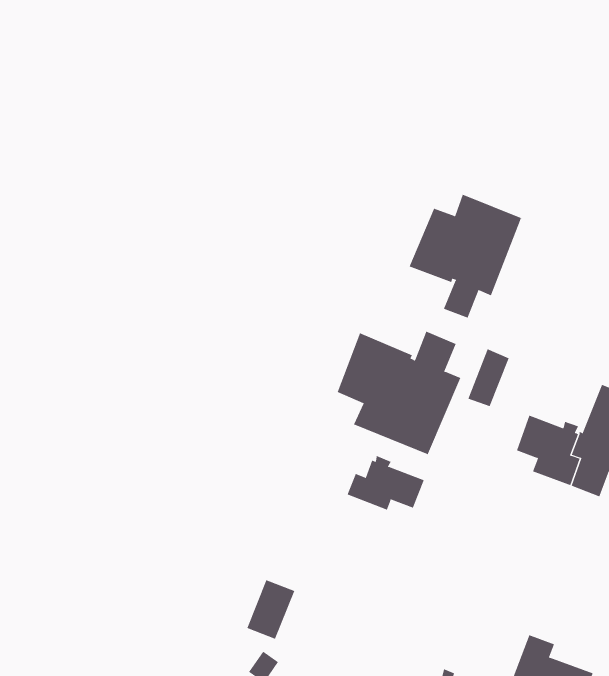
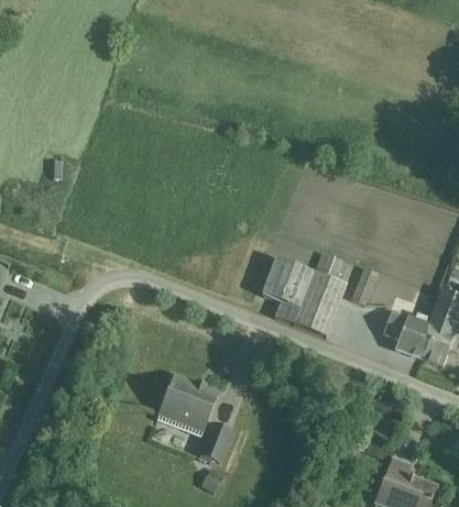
building: [409,194,522,318] -> none
building: [347,455,424,511] -> none
building: none -> [156,374,218,426]

